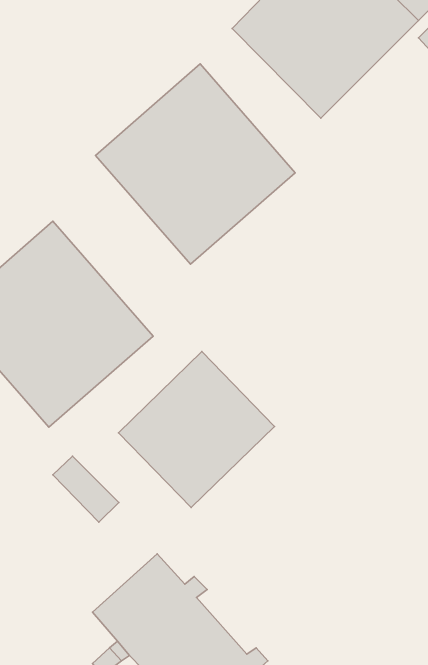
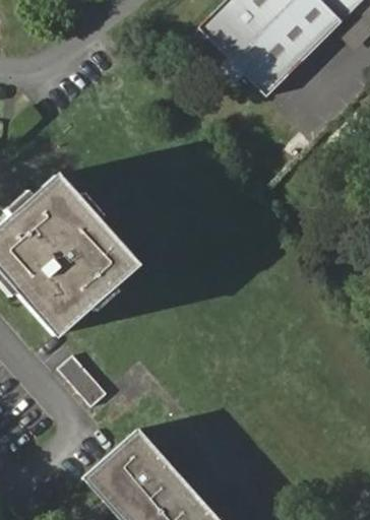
building: [95,64,295,264] -> none
building: [118,352,275,508] -> none

